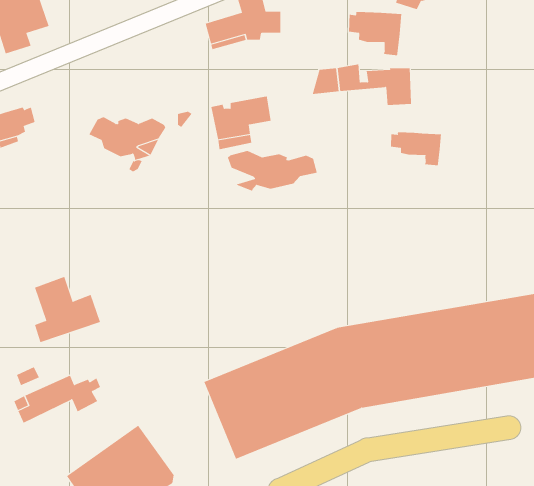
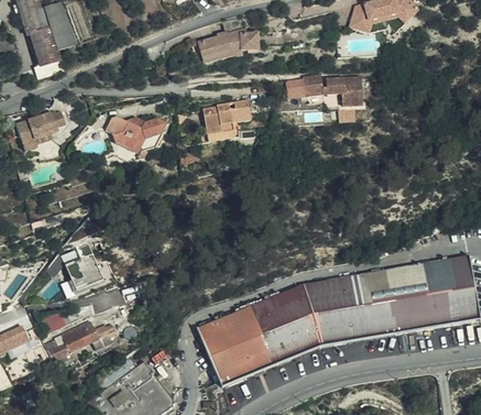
building: [348,11,402,56] -> none
building: [391,132,442,166] -> none
building: [227,150,317,192] -> none
building: none -> [91,286,124,308]

